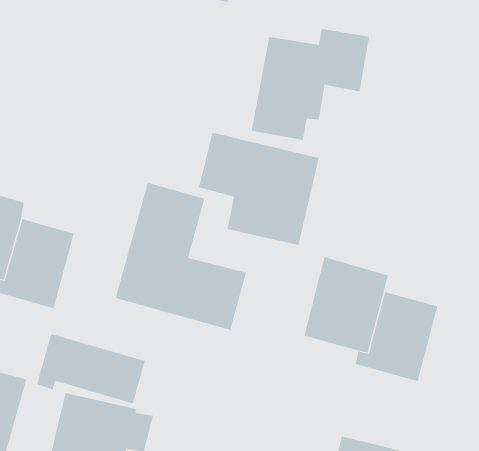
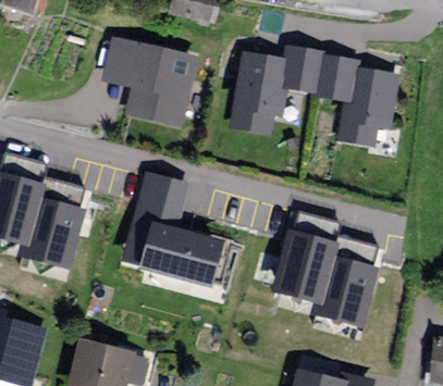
building: none -> [318,52,402,145]
building: [198,132,320,245] -> [102,35,200,126]
building: [36,333,146,404] -> none

